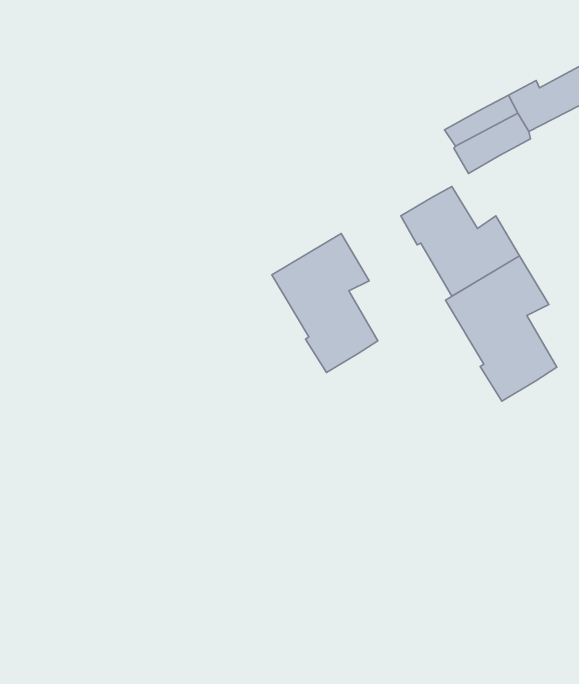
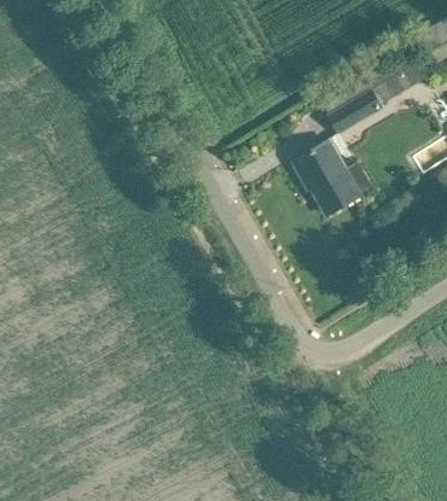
building: [272,234,378,373] -> none
building: [445,256,557,401] -> none

